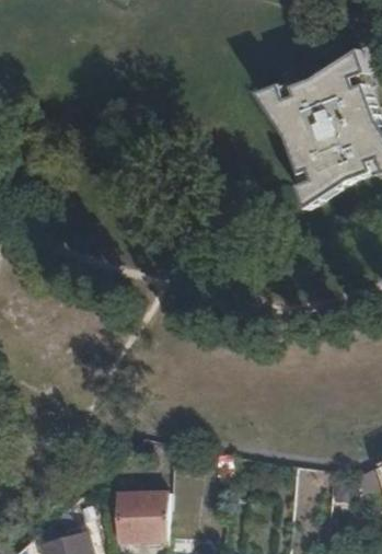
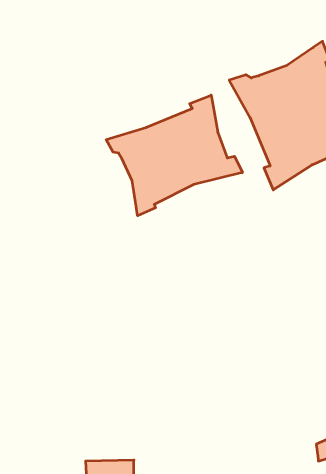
building: none -> [106,95,242,216]

